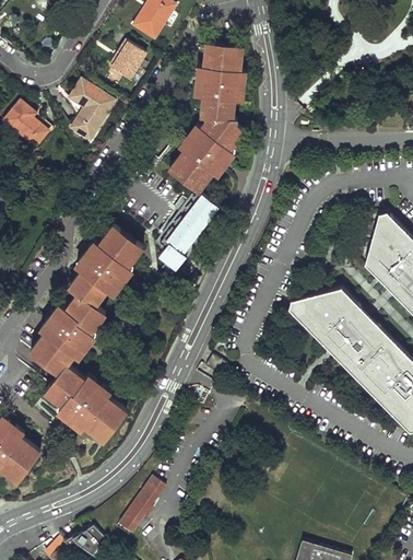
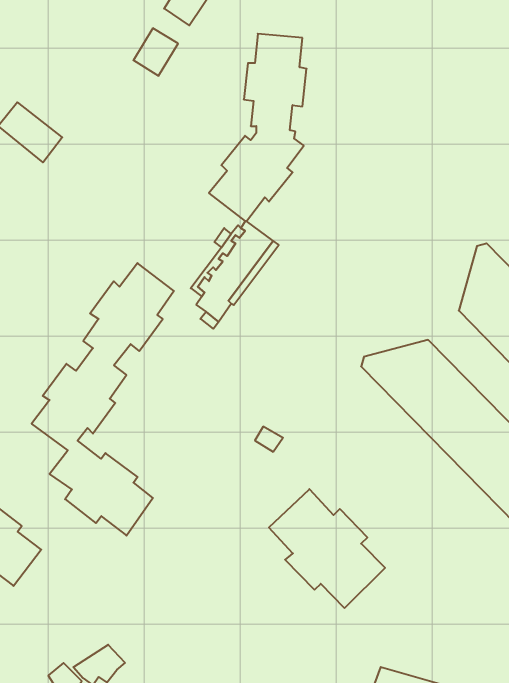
building: [68,84,113,144] -> none
building: none -> [269,489,385,608]
building: [118,479,165,536] -> none

